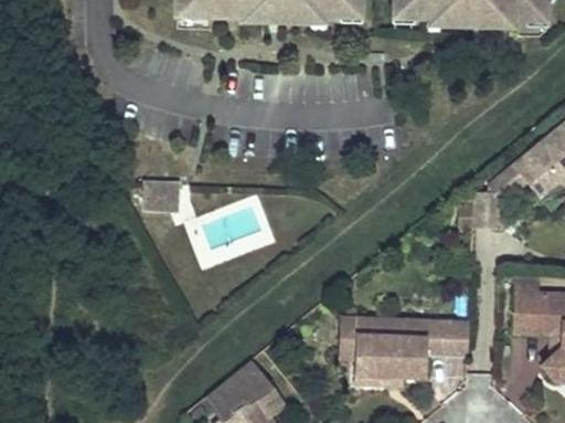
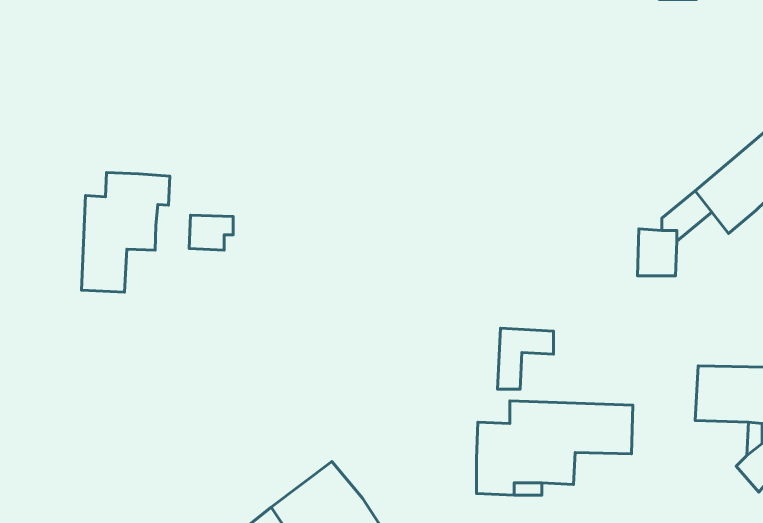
building: none -> [81,172,170,292]
building: [338,316,379,360] -> [497,328,554,389]

